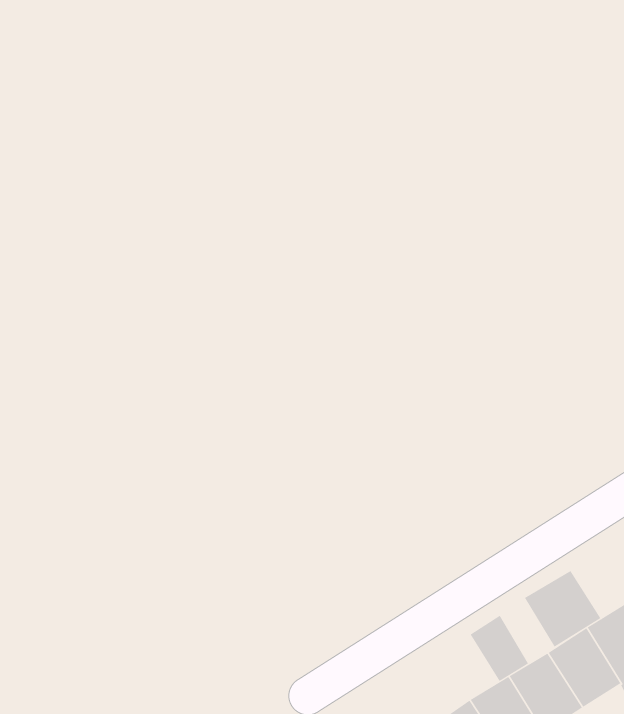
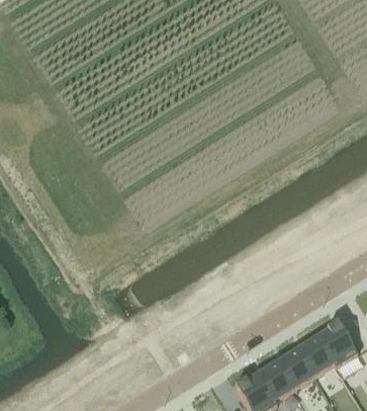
building: [524,570,601,648] -> none
building: [470,615,529,682] -> none

